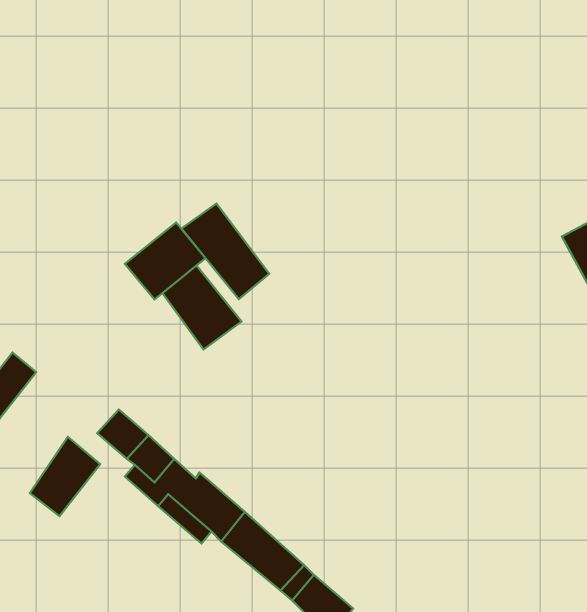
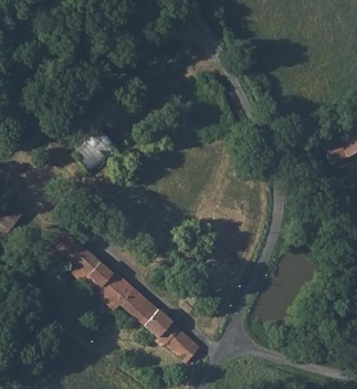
building: [182,203,269,299] -> none
building: [163,266,242,350] -> none
building: [30,437,100,516] -> none

